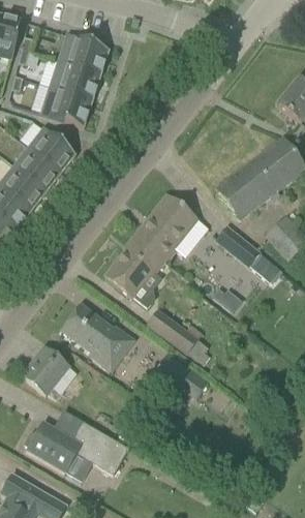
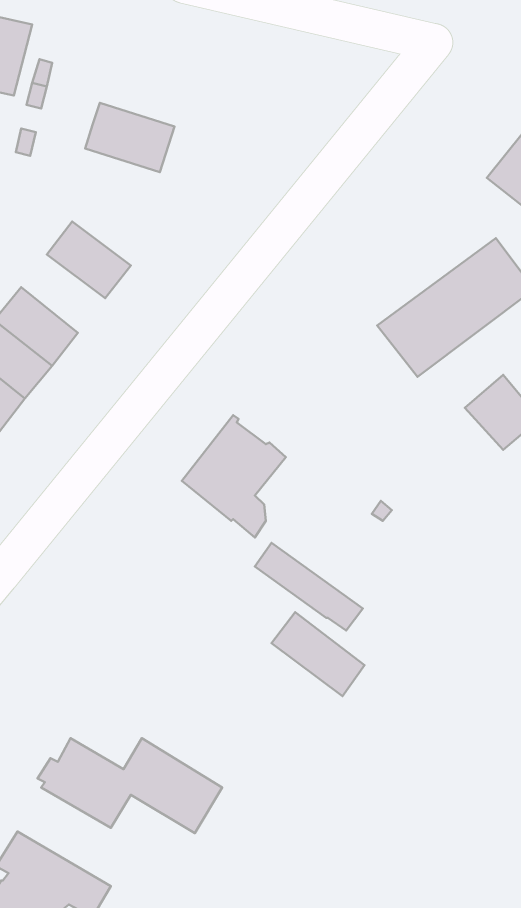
building: [59,34,110,74] -> none
building: [42,87,93,127] -> none
building: [14,147,62,191] -> none
building: [133,194,199,262] -> none
building: [215,227,277,280] -> none
building: [61,302,133,368] -> none
building: [22,346,68,394] -> none

